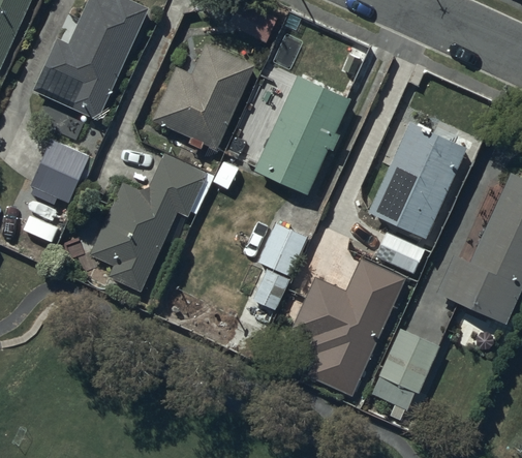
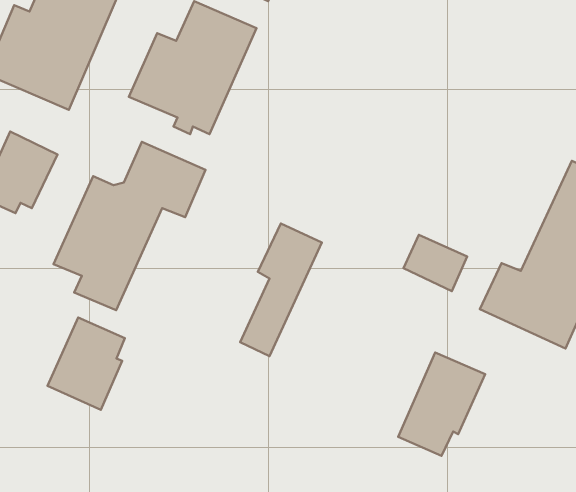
building: [254,72,350,192] -> none
building: [367,118,467,238] -> none
building: [289,257,406,396] -> none
building: none -> [47,317,125,410]

